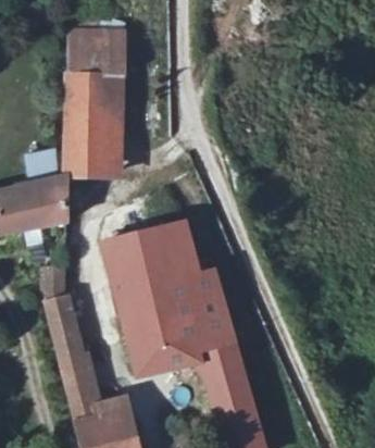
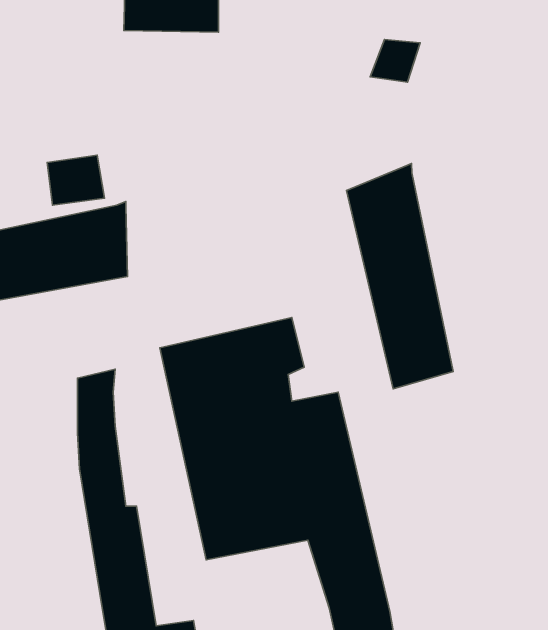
building: [78,60,140,167] -> none
building: none -> [346,163,453,389]

